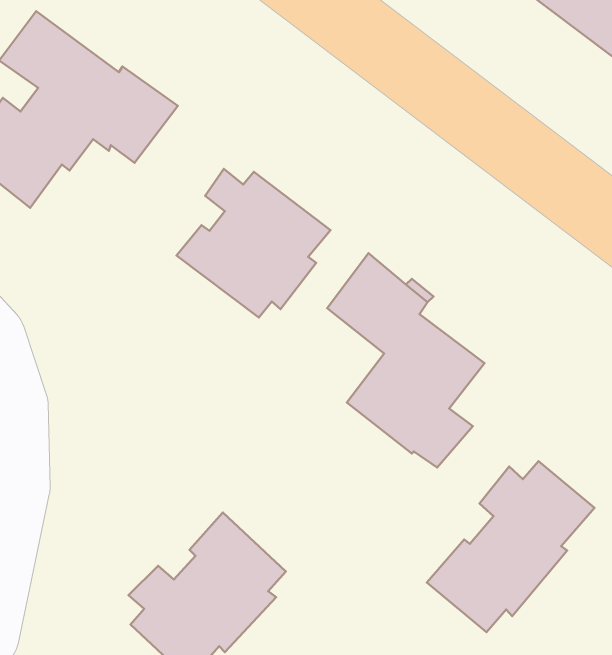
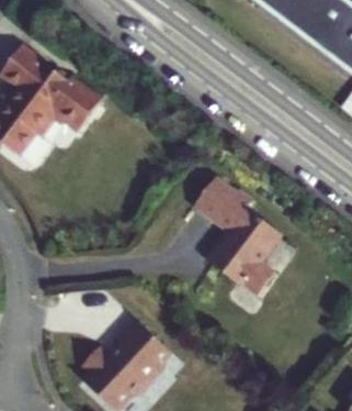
building: [177,169,330,318] -> none
building: [427,461,594,632] -> none

